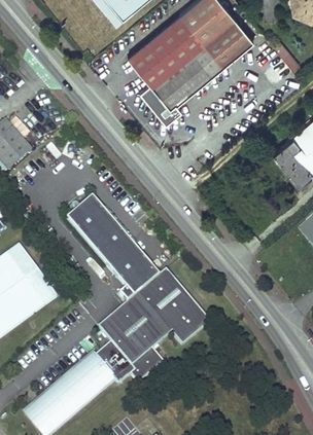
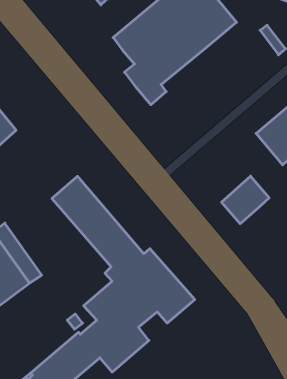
building: none -> [222,176,269,224]

